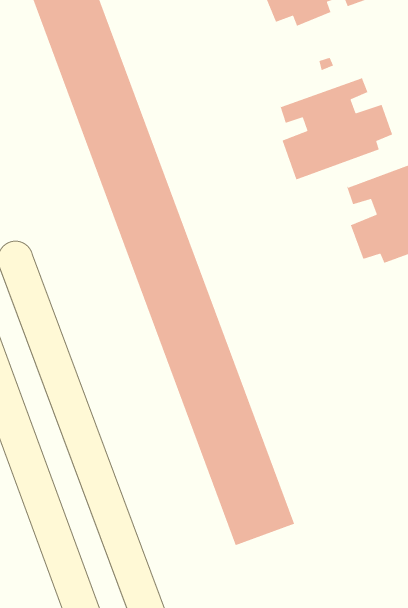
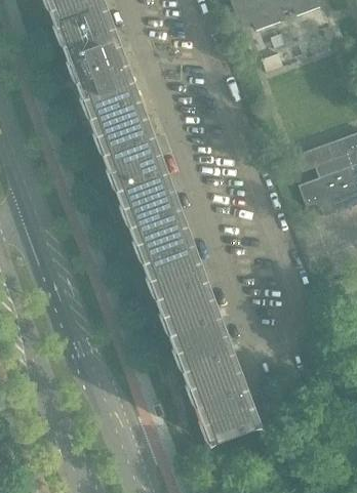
building: [280,75,393,180] -> none

